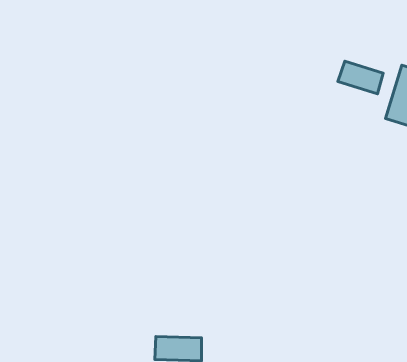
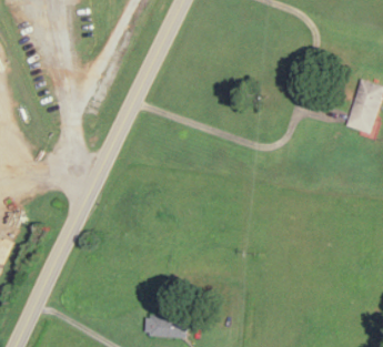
building: [338,61,383,94] -> none

